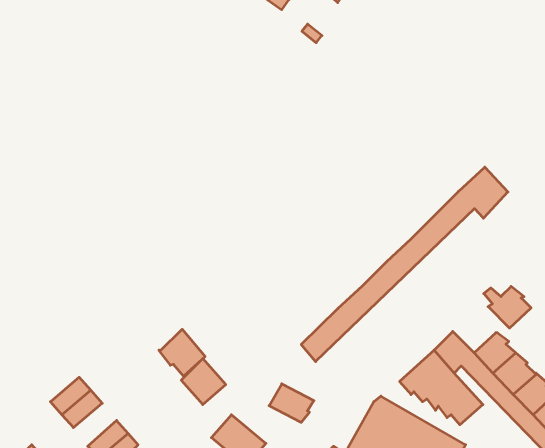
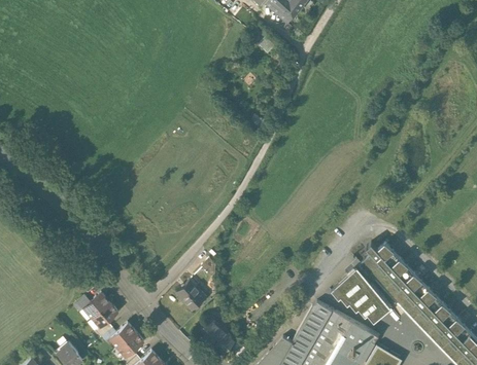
building: [301,167,508,362] -> none
building: [484,286,531,328] -> [367,244,401,273]
building: [159,329,205,376] -> none
building: [269,384,314,422] -> none

